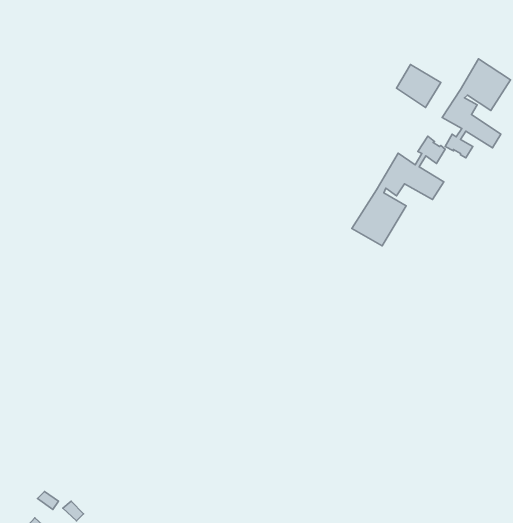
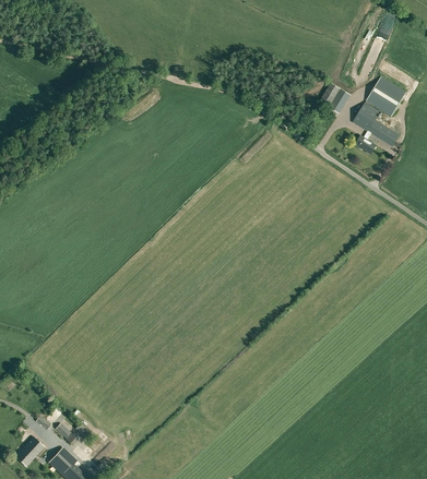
building: [352,136,445,246] -> none

